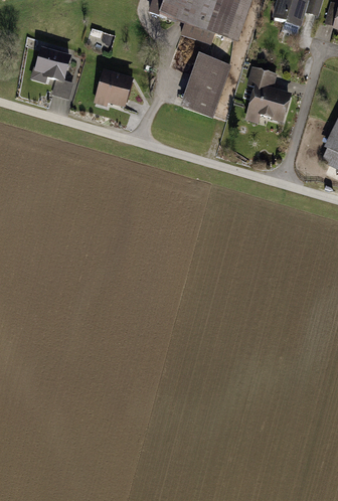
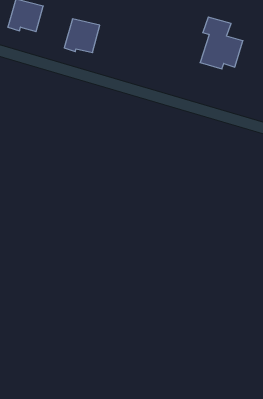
building: [180,53,231,116] -> none

